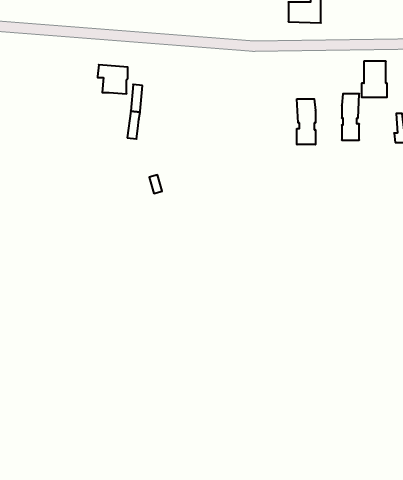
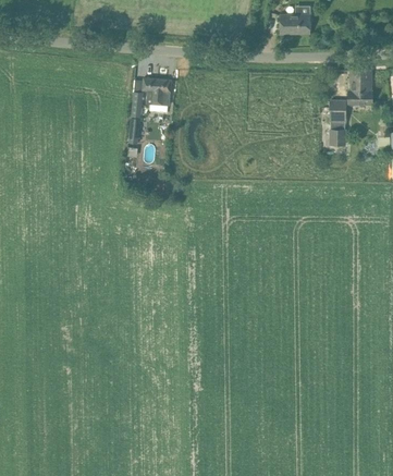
building: [98,65,128,94] -> [143,77,171,105]
building: [297,99,315,145] -> none

